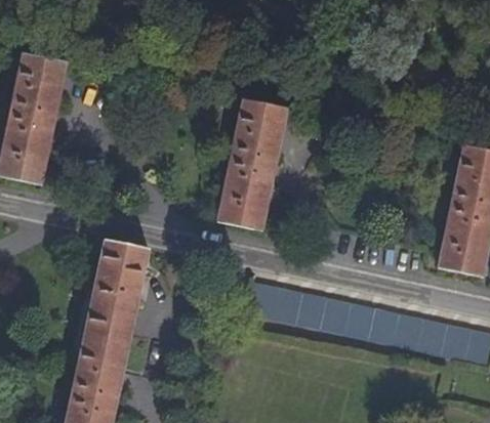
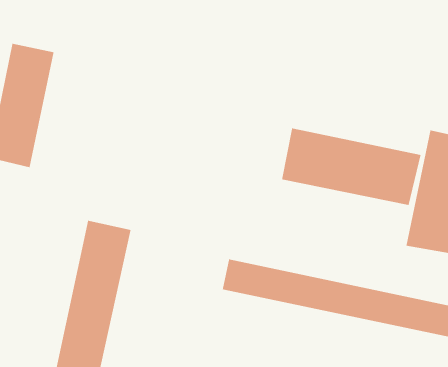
building: [218,98,290,230] -> none
building: none -> [281,127,421,206]

